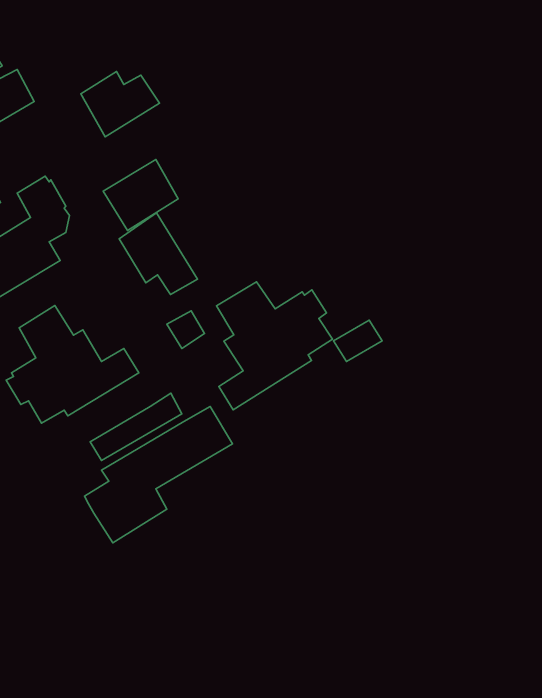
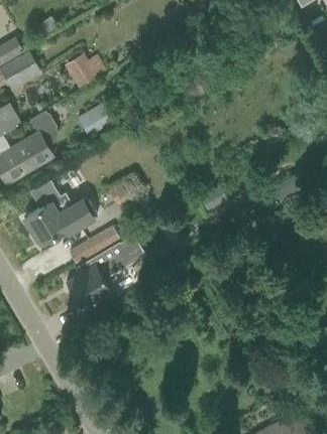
building: [119,213,198,294] -> none
building: [216,282,333,410] -> none

